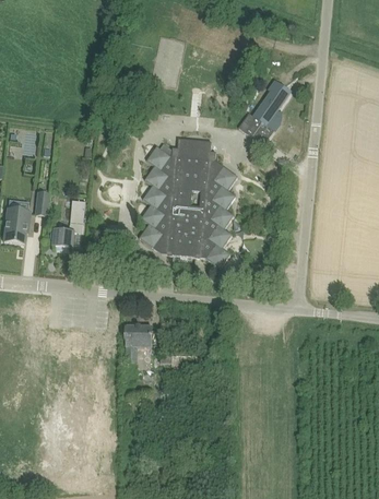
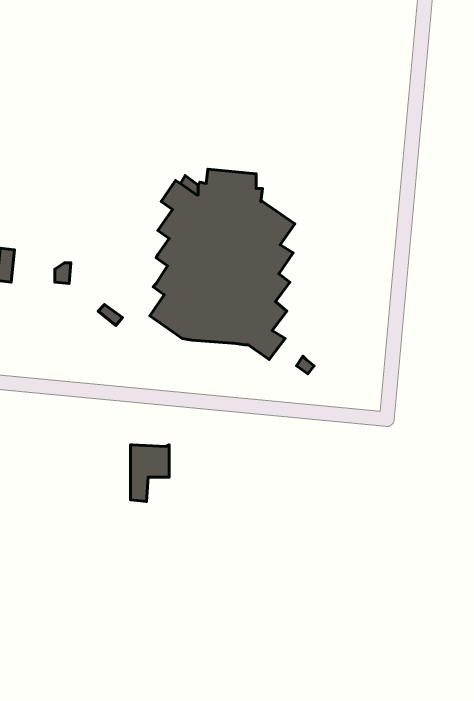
building: [239,80,292,141] -> none
building: [51,222,84,250] -> none

